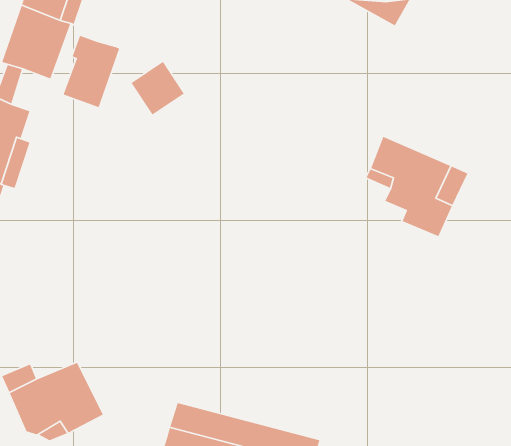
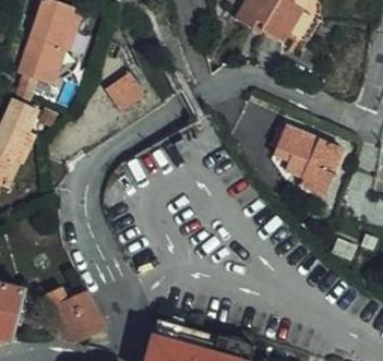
building: [63,35,120,108] -> none

